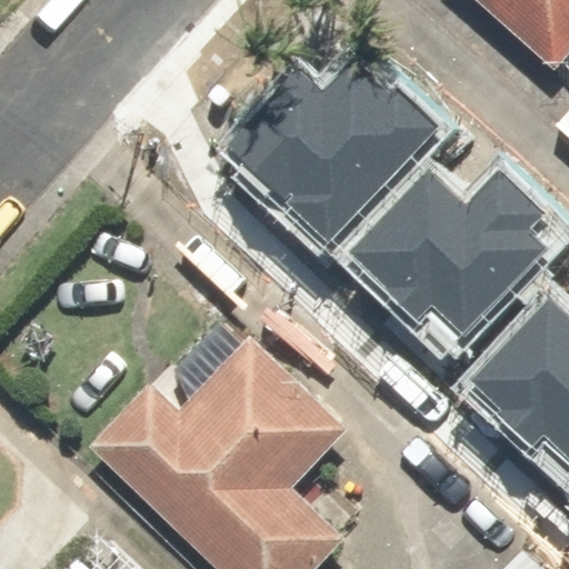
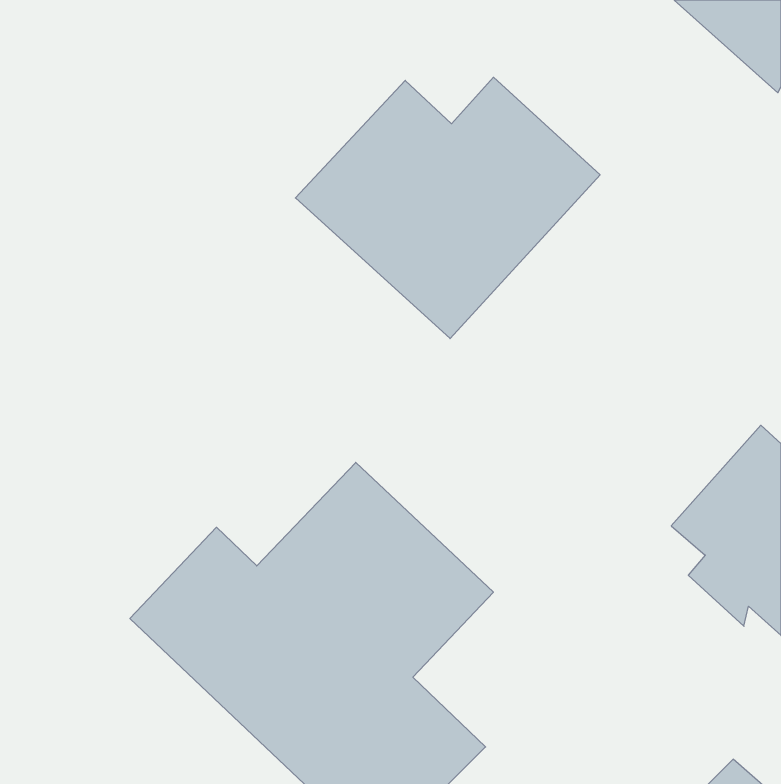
building: [343,163,539,343] -> none

